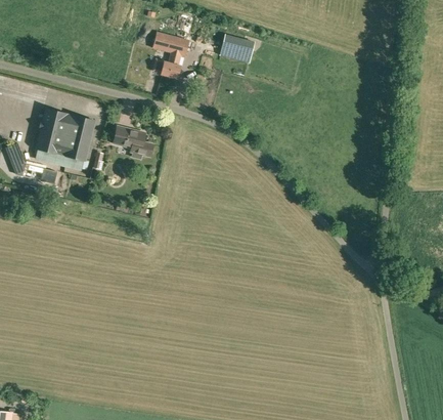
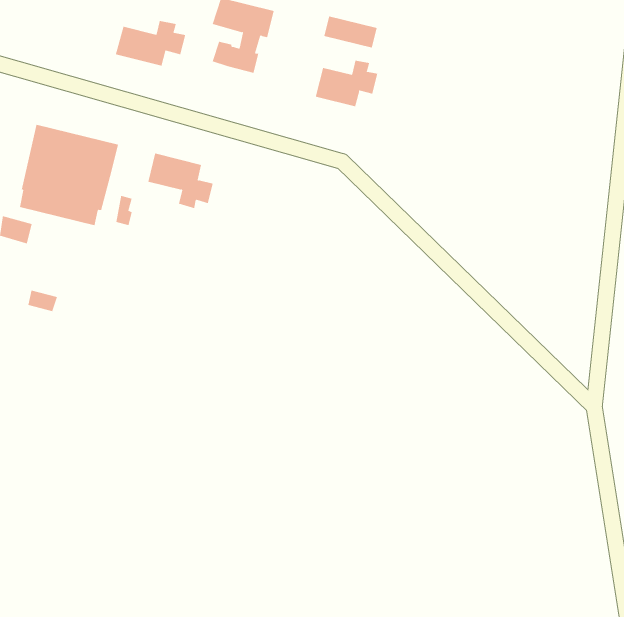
building: none -> [115,20,186,67]
building: none -> [315,60,378,107]

